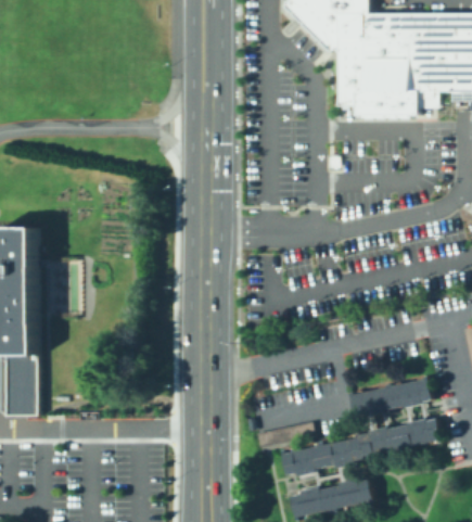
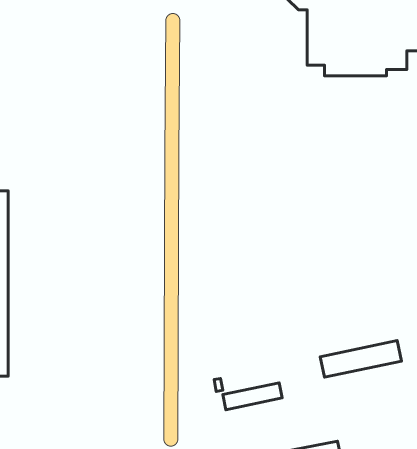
building: [283,420,444,475] -> none

